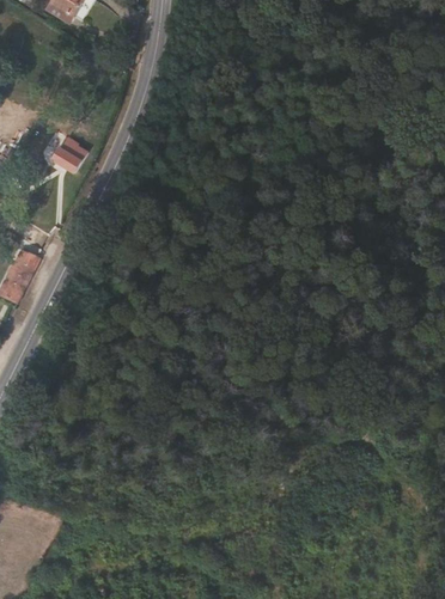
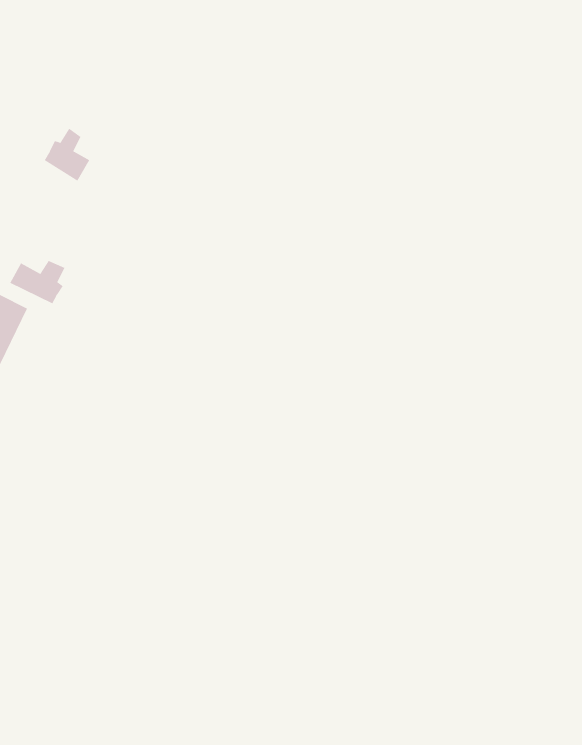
building: none -> [10,260,65,304]

